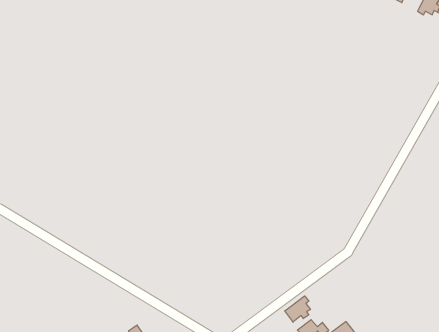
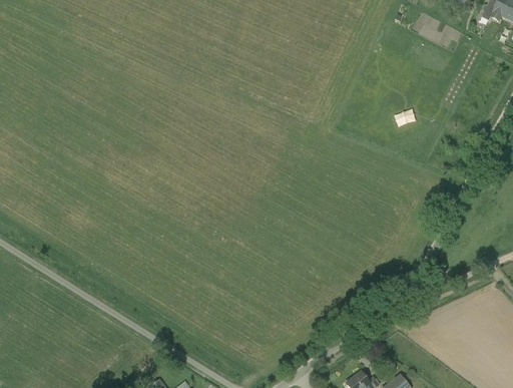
building: [285,296,310,322] -> none

